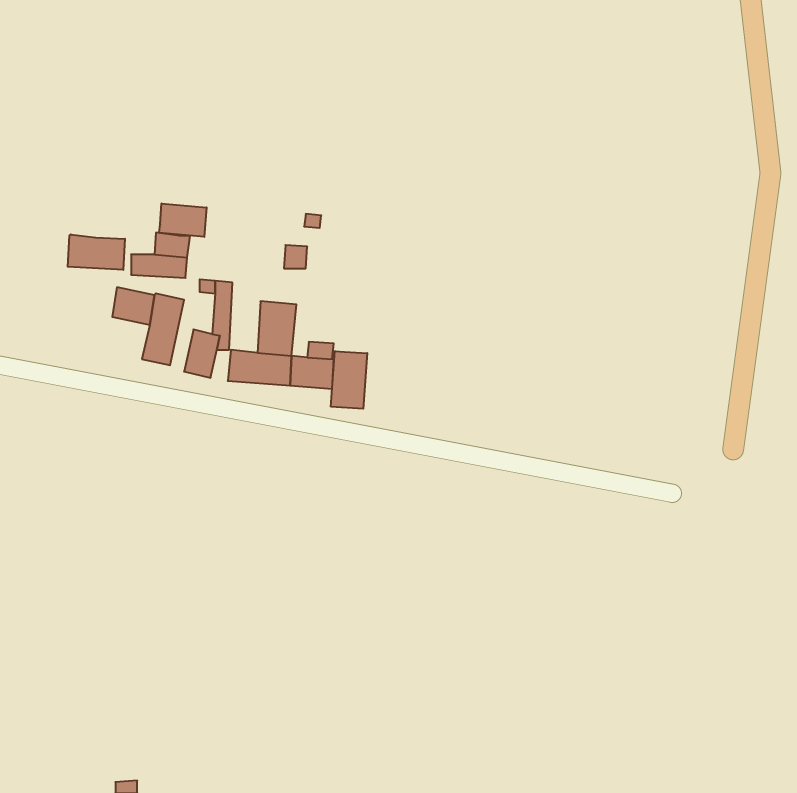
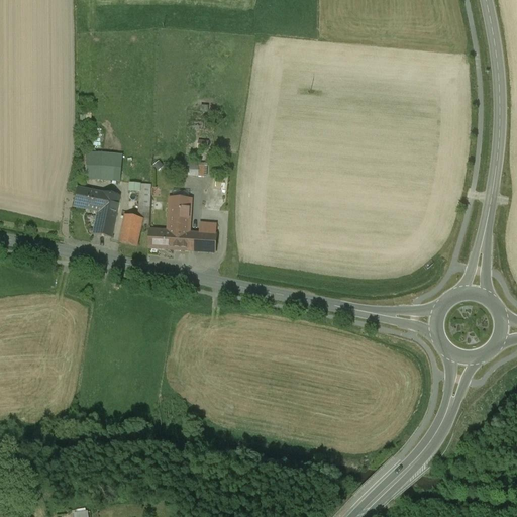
building: [159,203,207,237] -> none
building: [68,234,125,270] -> none
building: [331,351,367,409] -> none

